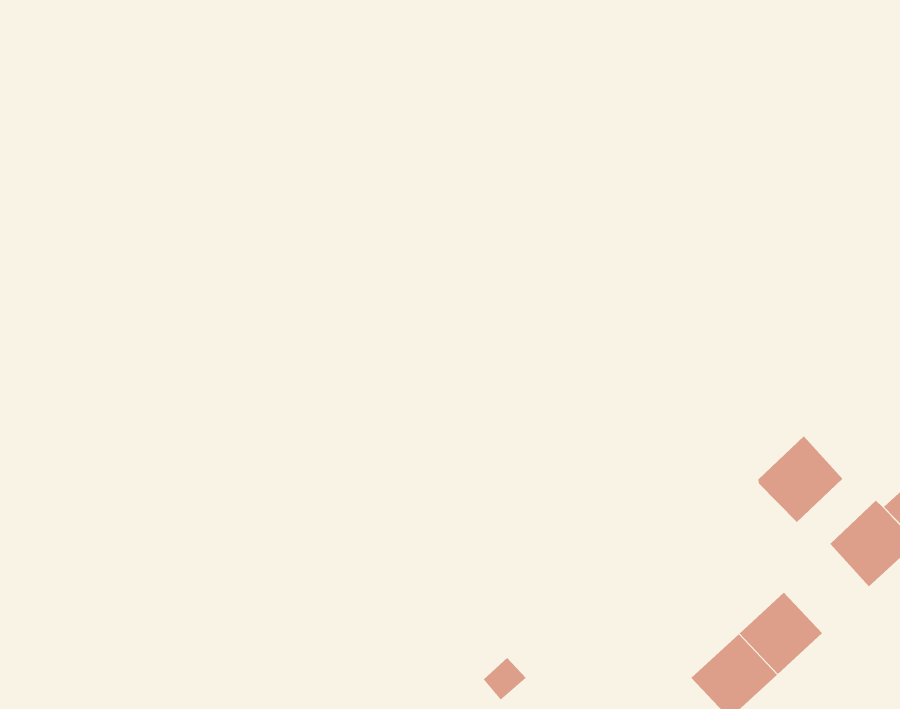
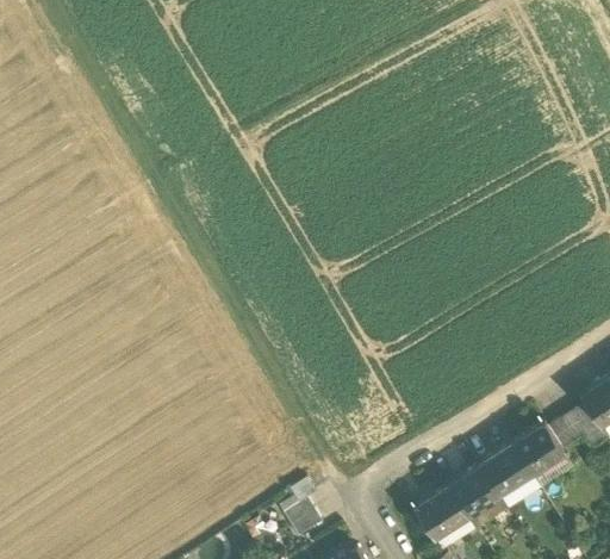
building: [757,435,843,523] -> [479,447,530,498]

